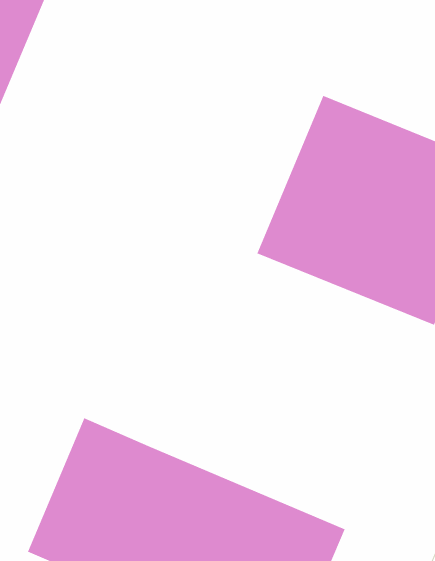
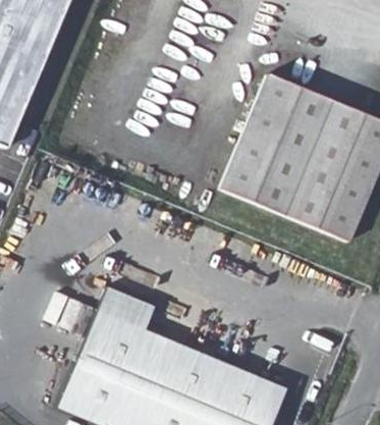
building: none -> [97,284,154,328]

